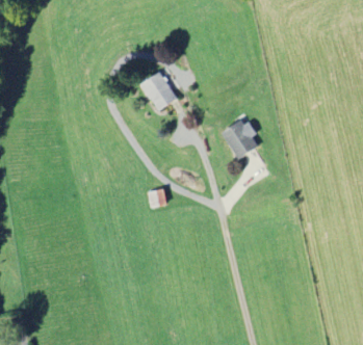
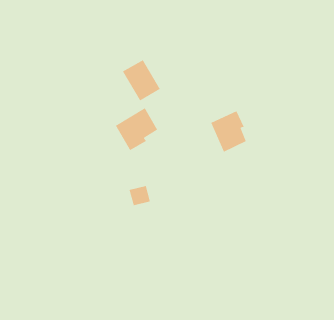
building: none -> [115,107,158,151]

